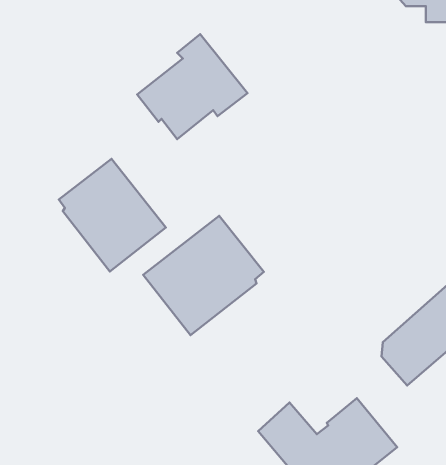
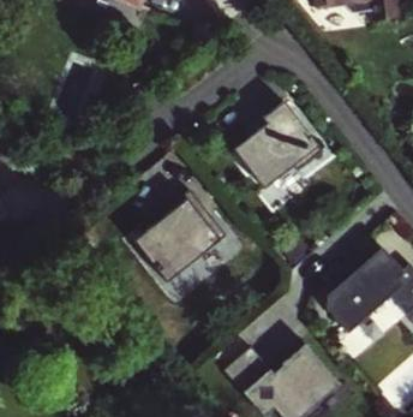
building: [137,34,248,139] -> [234,103,327,191]
building: [59,159,166,271] -> none

